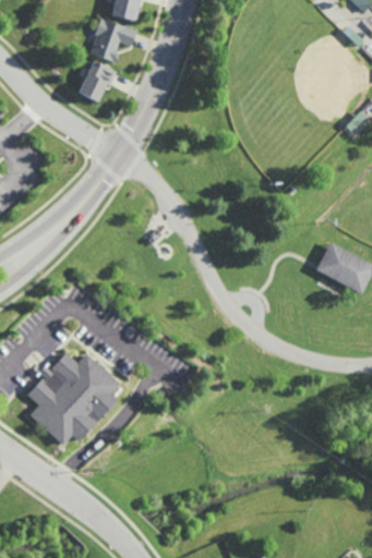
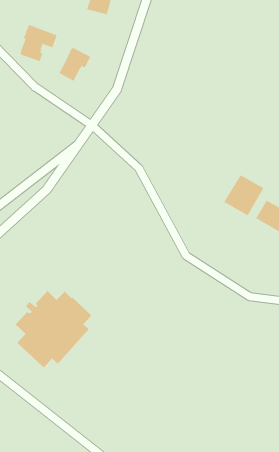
building: [92,19,137,63] -> [19,24,58,62]
building: none -> [224,175,264,216]

